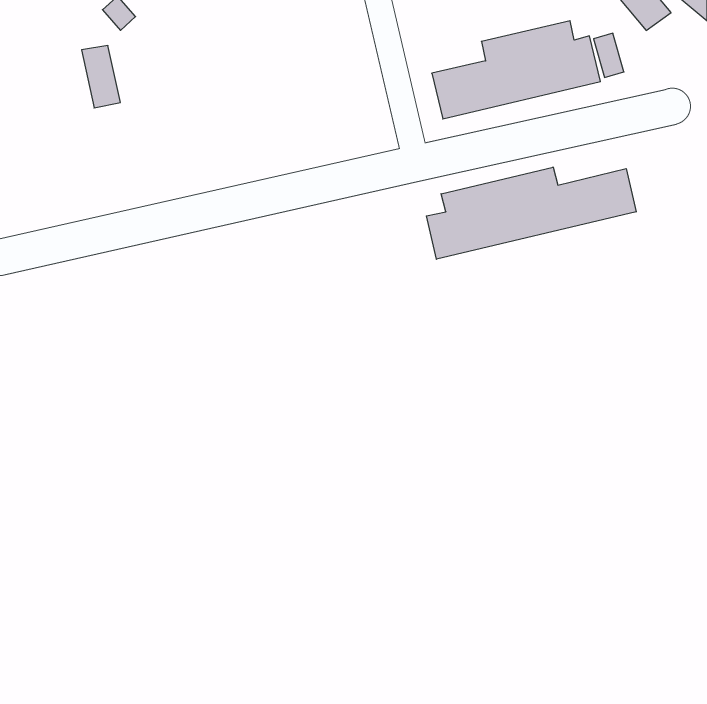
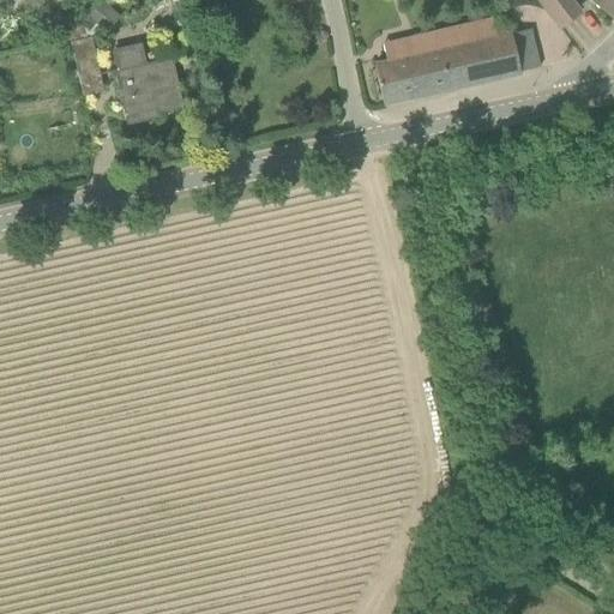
building: none -> [112,40,183,116]
building: [426,167,636,259] -> none

